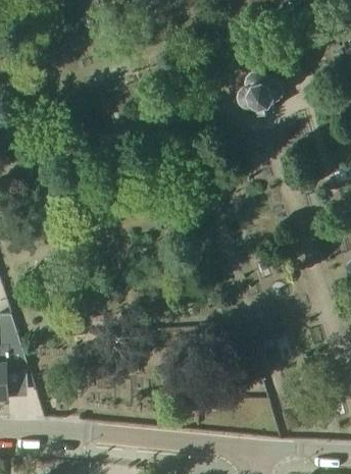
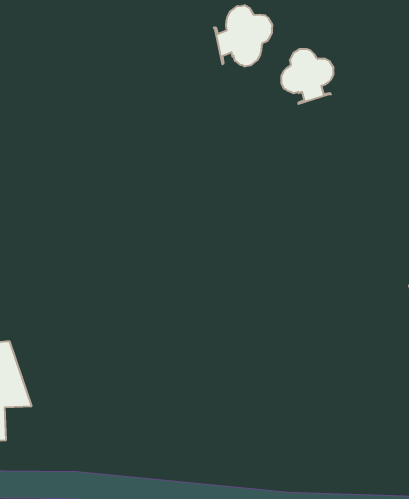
building: none -> [214,5,272,67]

